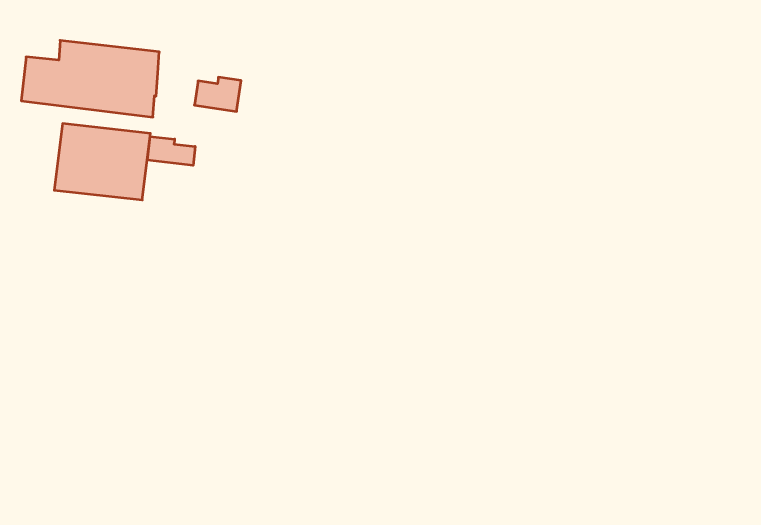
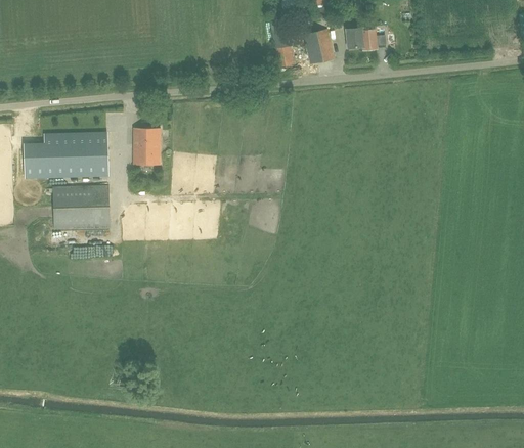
building: none -> [132,128,159,148]
building: [147,136,195,165] -> none

